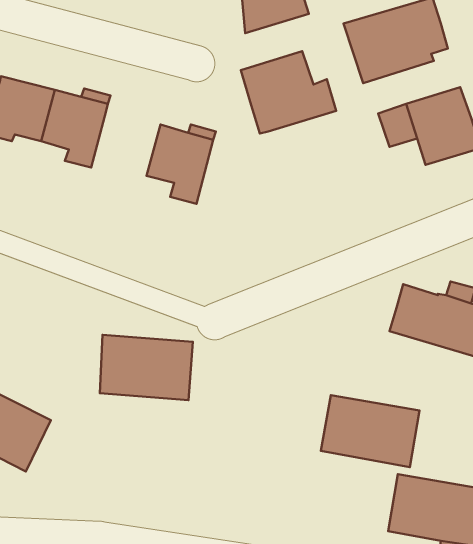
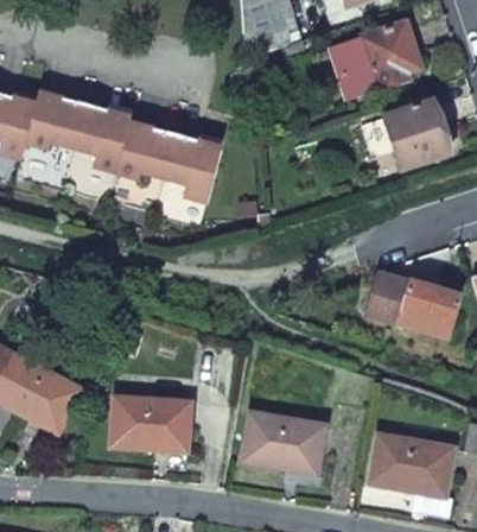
building: [241,51,336,133] -> none
building: none -> [115,122,174,178]
building: [100,335,193,400] -> [112,395,191,451]
building: [321,395,420,467] -> [241,412,325,474]

